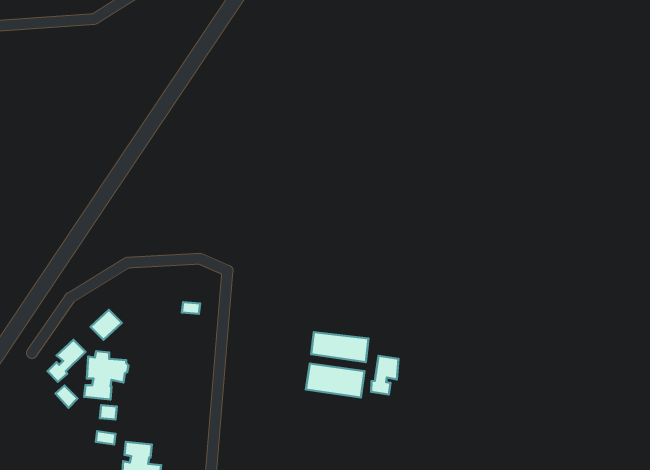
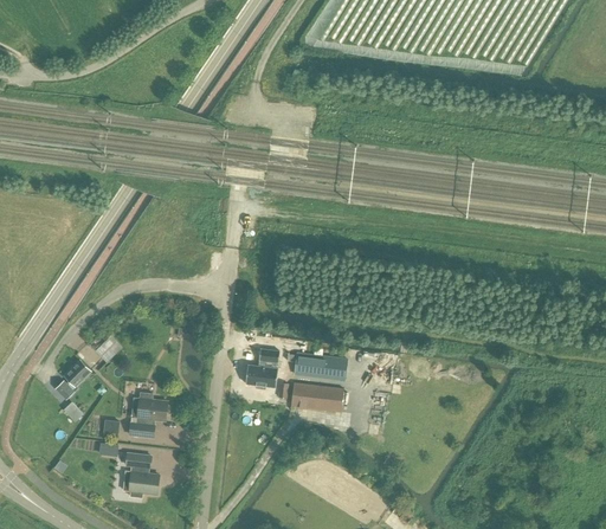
building: none -> [245,348,278,388]
building: [84,351,129,399] -> [129,392,169,436]
building: [371,356,399,394] -> none

